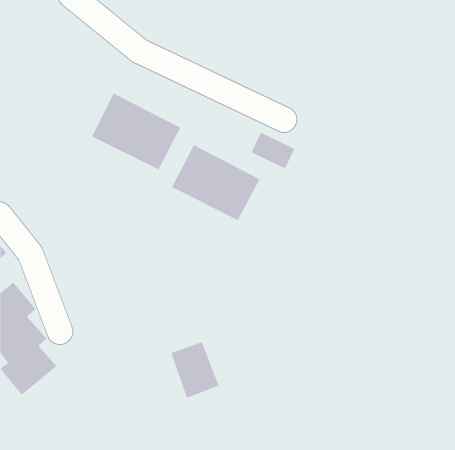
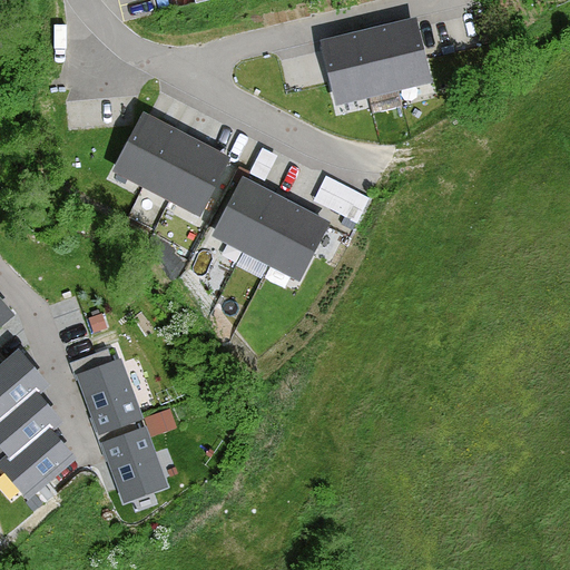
building: none -> [322,20,428,101]
building: none -> [78,360,139,431]
building: [171,341,220,398] -> [104,428,165,499]

